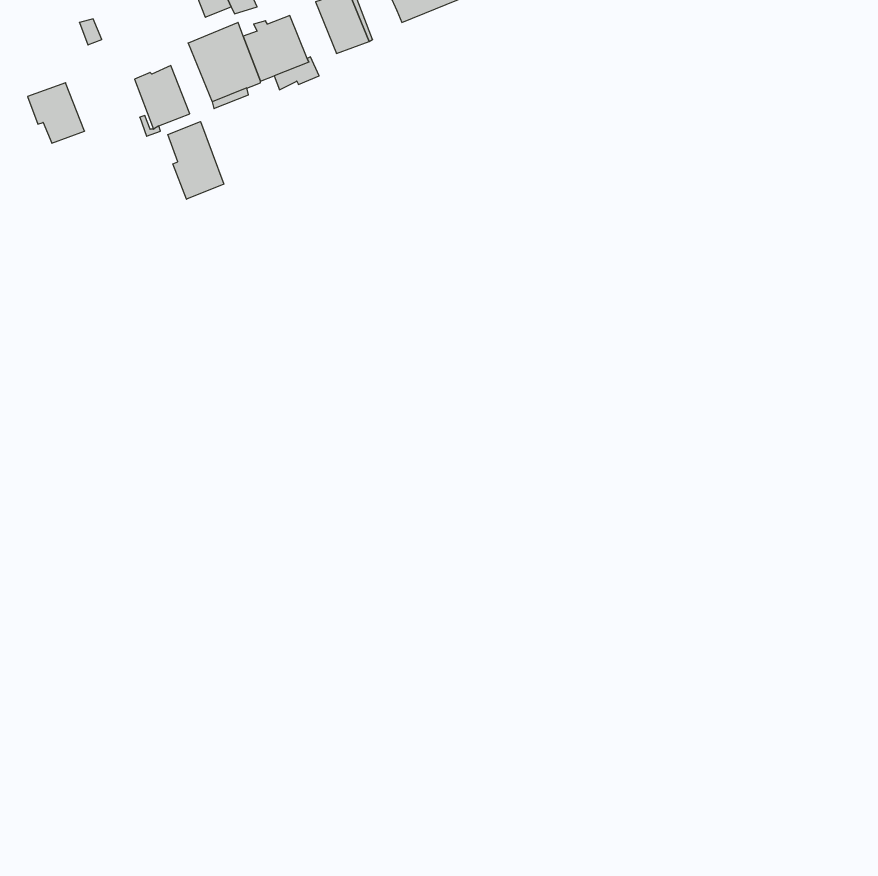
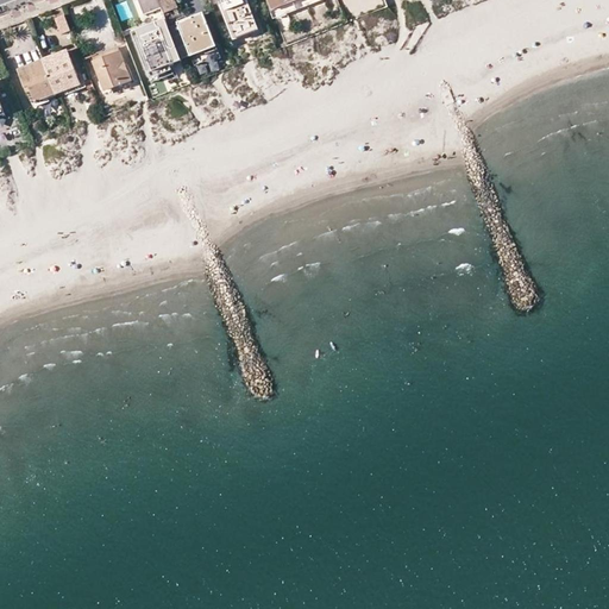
building: none -> [45,48,81,90]
building: [168,122,224,199] -> none

